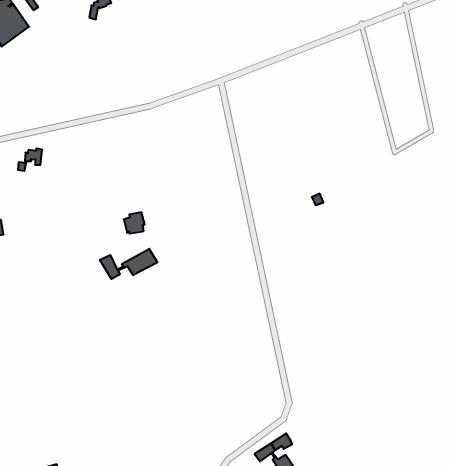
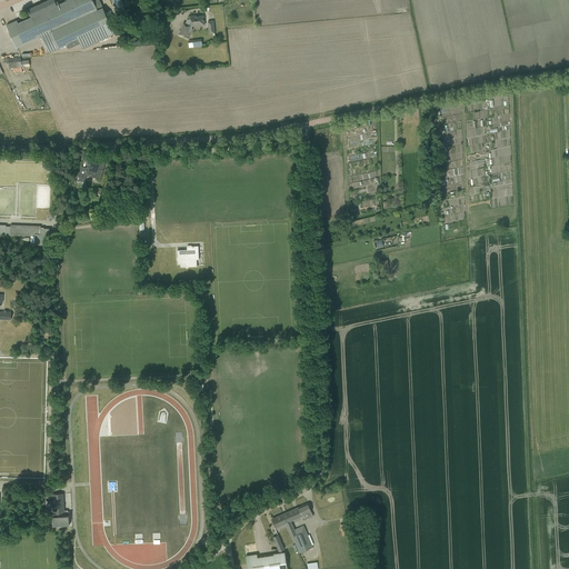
building: [100,249,157,279] -> none

